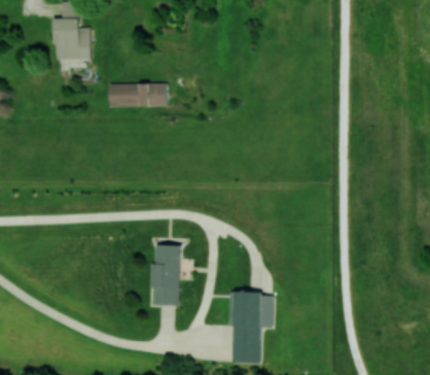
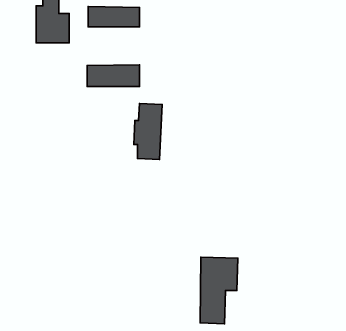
building: none -> [88,7,140,27]
building: [150,244,181,305] -> [134,104,162,160]

